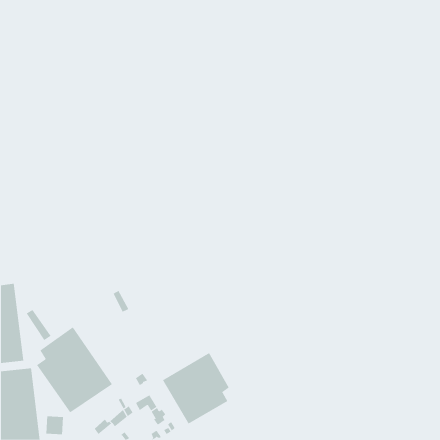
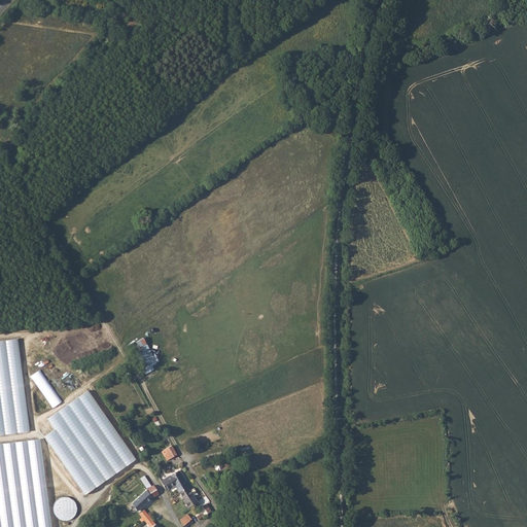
building: [162,352,229,424] -> none

